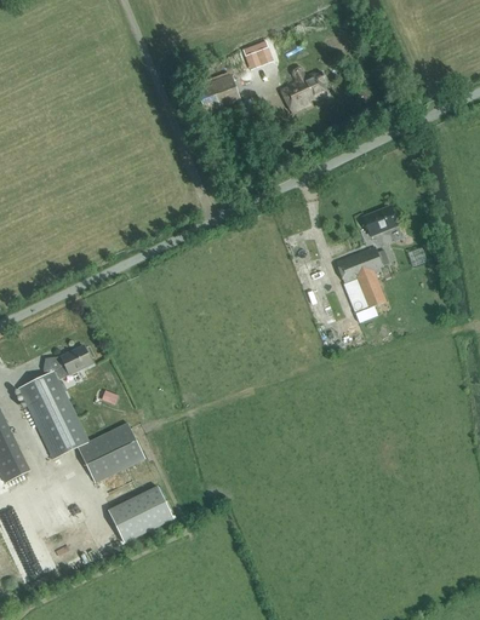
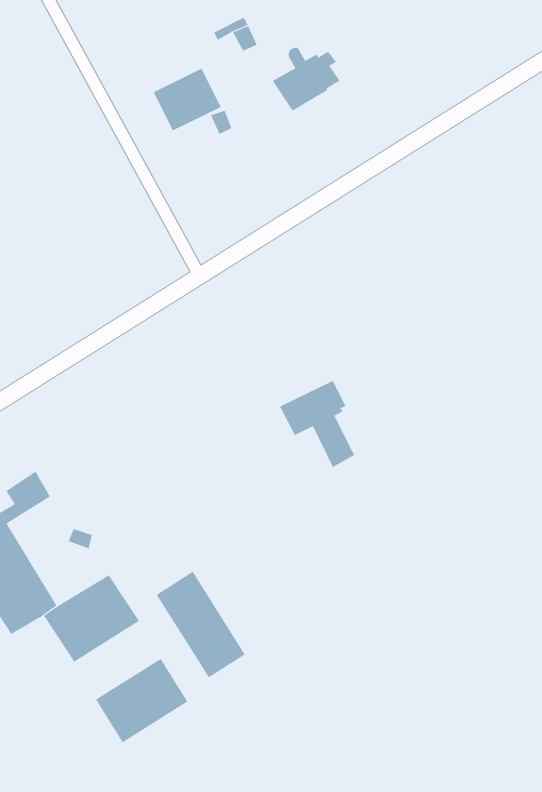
building: [362,206,396,235] -> none
building: [335,246,384,308] -> [279,380,355,468]
building: none -> [156,571,246,678]

